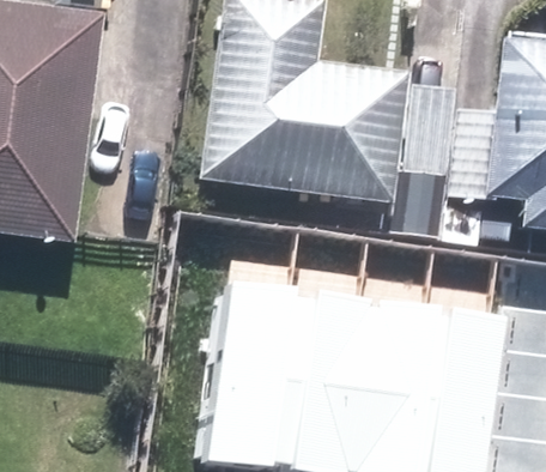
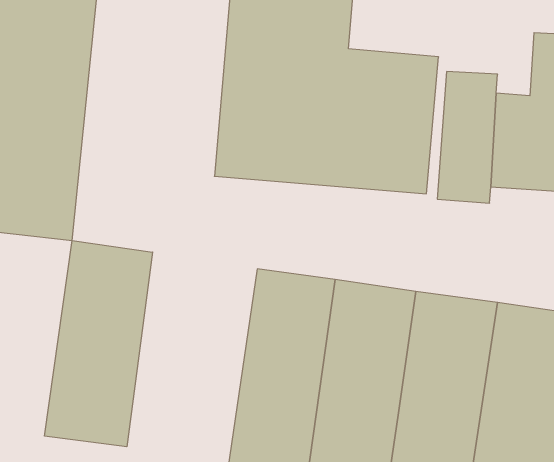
building: none -> [45,241,153,447]

